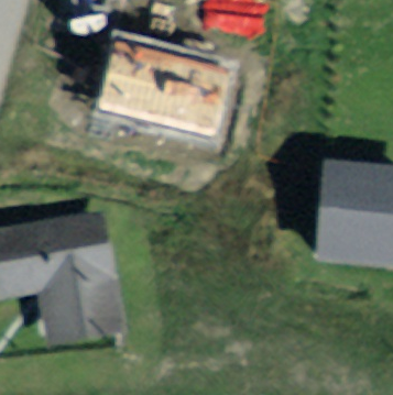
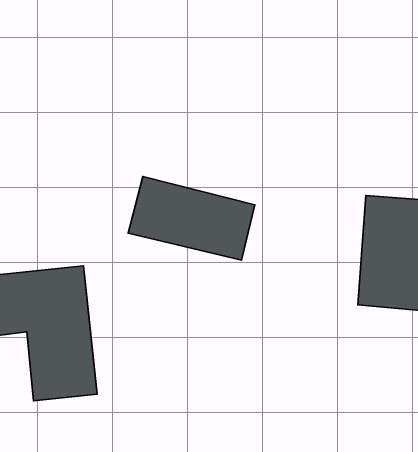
building: [105,53,208,121] -> [128,176,255,260]

